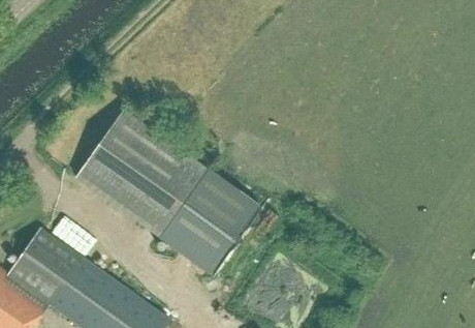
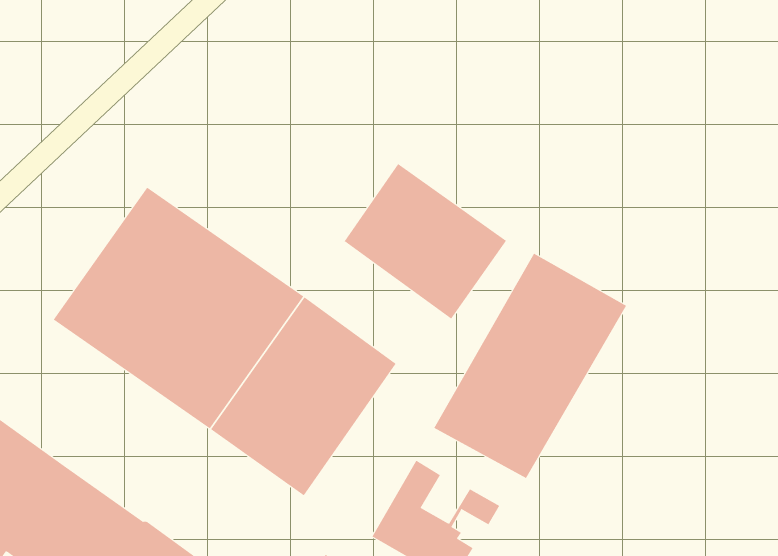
building: none -> [344,163,507,319]
building: none -> [434,253,627,479]

